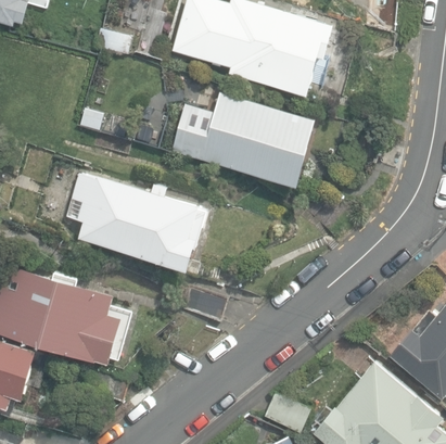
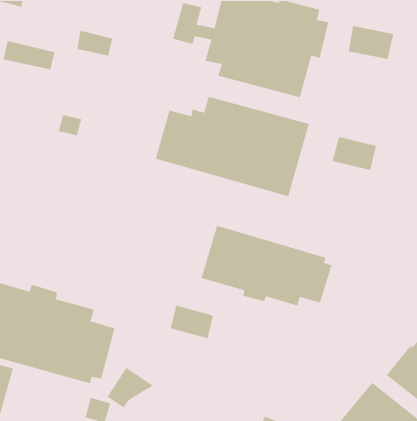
building: [65,175,207,272] -> none
building: none -> [200,225,332,307]

